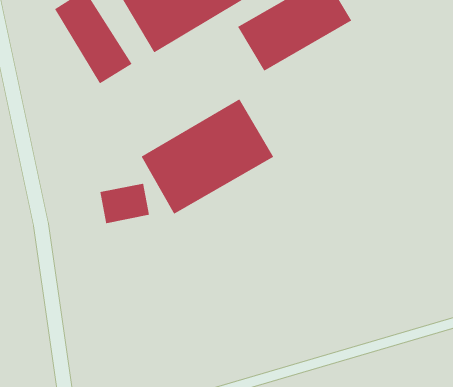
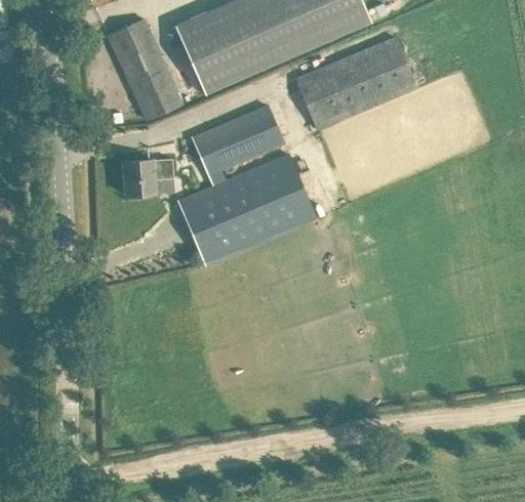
building: none -> [180,106,284,180]
building: [99,183,150,224] -> [124,159,173,196]

